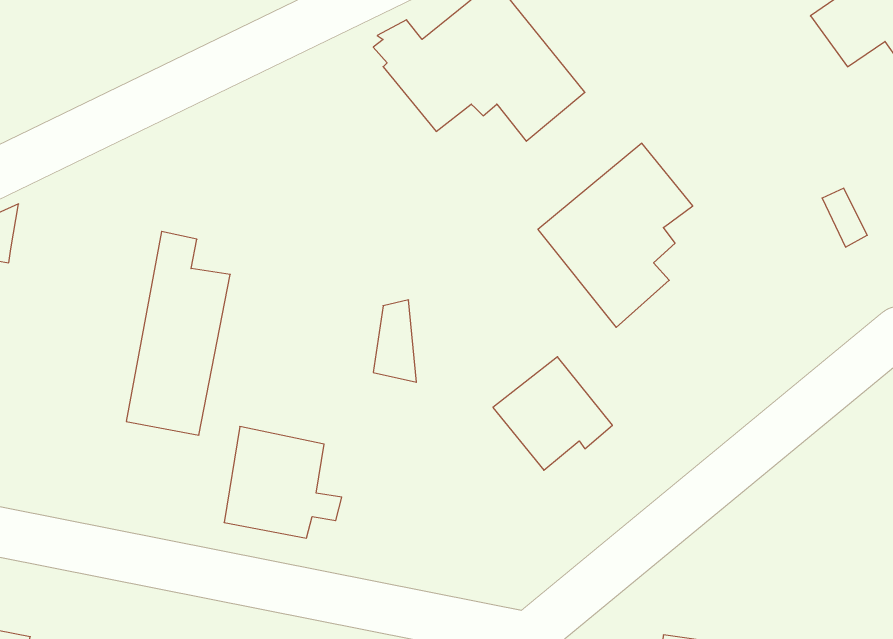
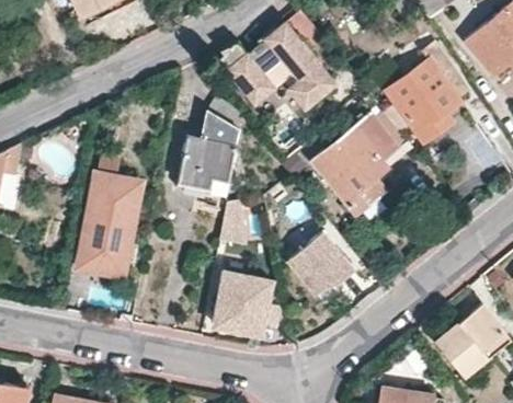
building: none -> [386,59,459,142]
building: none -> [178,99,239,192]
building: [224,427,342,538] -> [214,272,280,334]
building: none -> [435,303,505,370]

